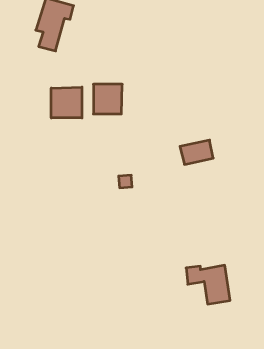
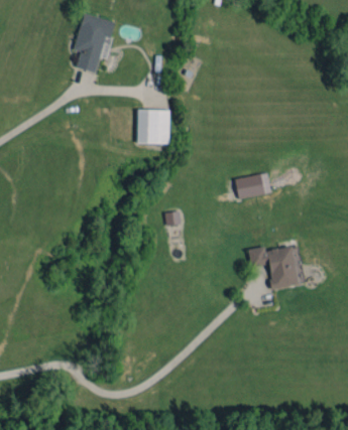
building: [51,87,82,118] -> none
building: [186,265,230,304] -> [248,246,298,289]

